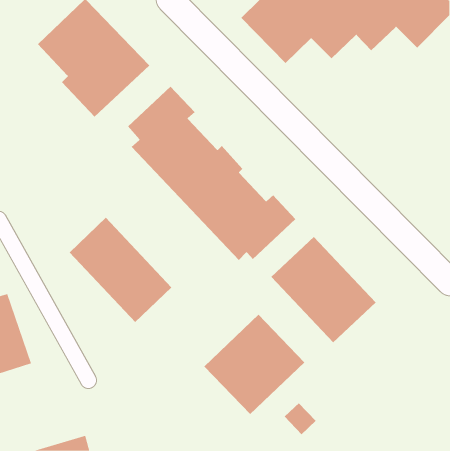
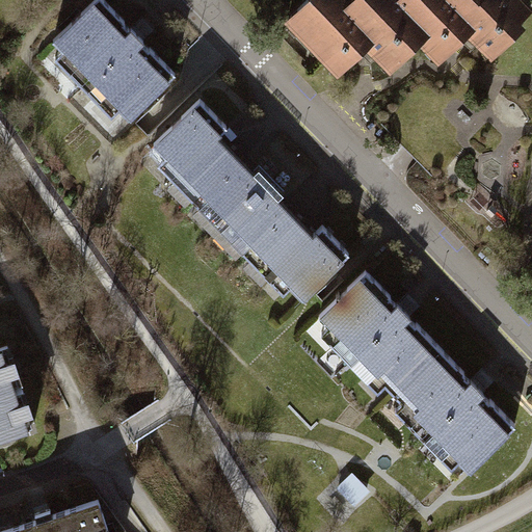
building: [69,217,172,323] -> none
building: none -> [392,355,514,479]
building: [204,314,305,415] -> none

